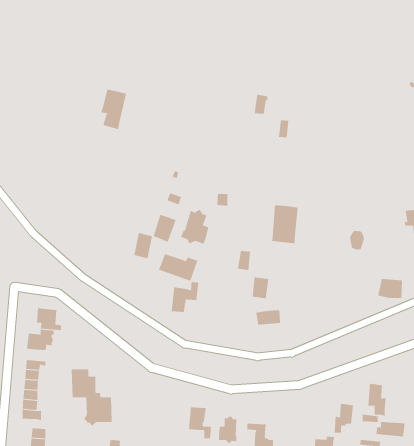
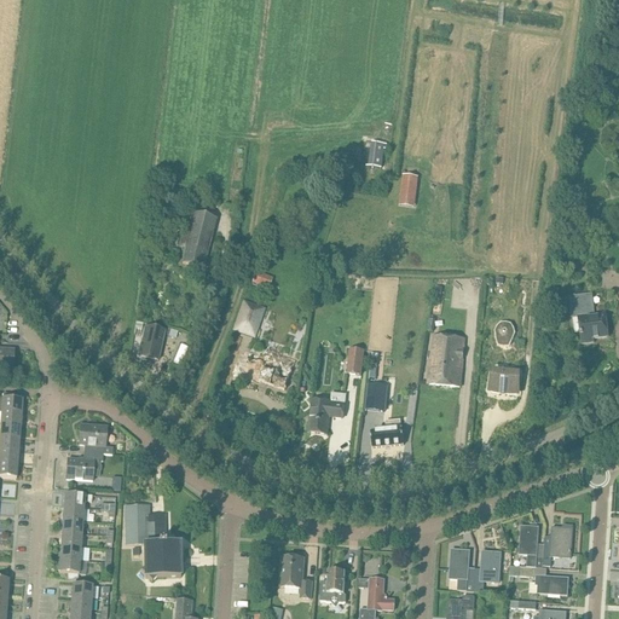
building: [101,89,127,130] -> [179,212,214,266]
building: [271,205,299,244] -> [428,332,464,384]
building: [181,209,209,245] -> none
building: [134,232,153,259] -> [139,323,164,358]
building: [377,278,403,298] -> [487,366,521,393]
building: [171,282,199,312] -> [308,389,346,430]
building: none -> [543,522,573,563]
building: none -> [450,548,475,589]

